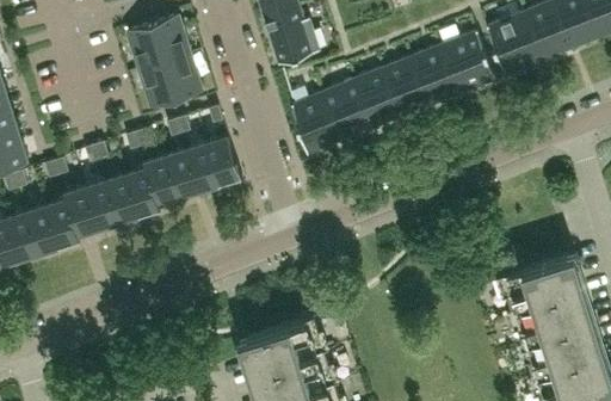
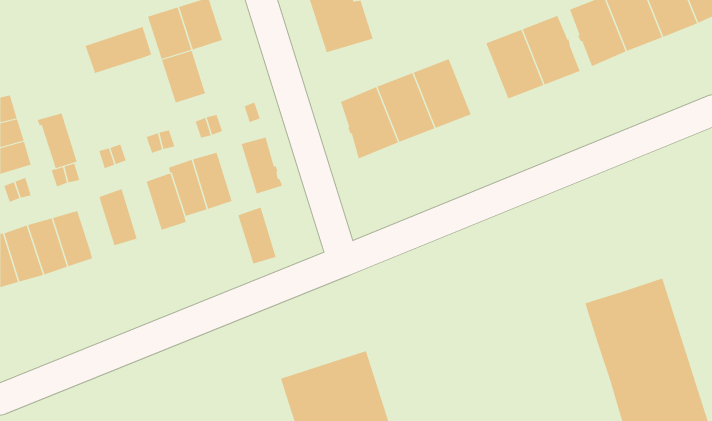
building: none -> [85,26,152,74]
building: [165,53,203,98] -> none
building: [384,55,434,116] -> none
building: [186,141,220,190] -> [237,207,276,264]
building: [105,173,138,222] -> none
building: [63,186,98,234] -> [37,113,77,169]

